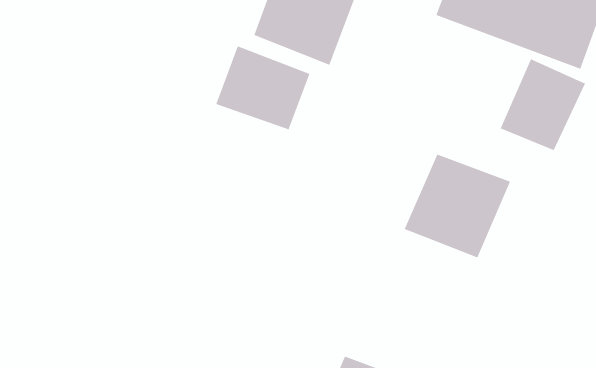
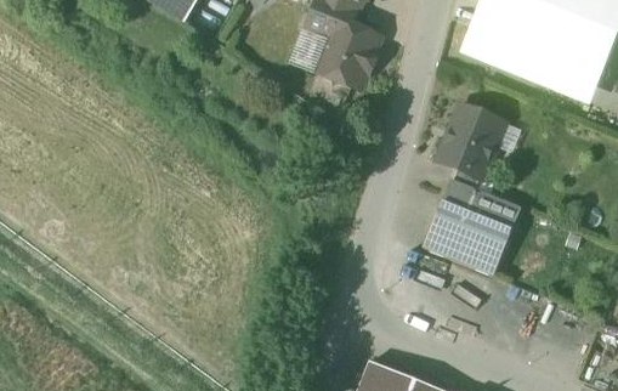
building: [216,45,310,130] -> none
building: [500,58,586,151] -> [433,100,512,185]

